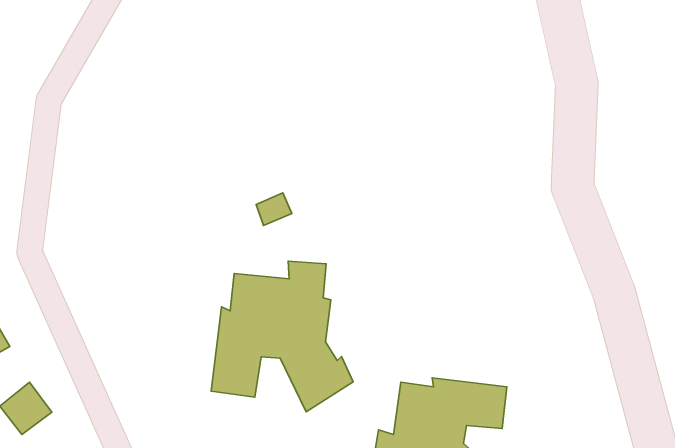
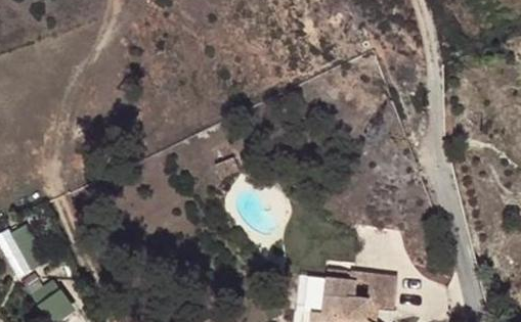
building: [211,261,353,412] -> none

